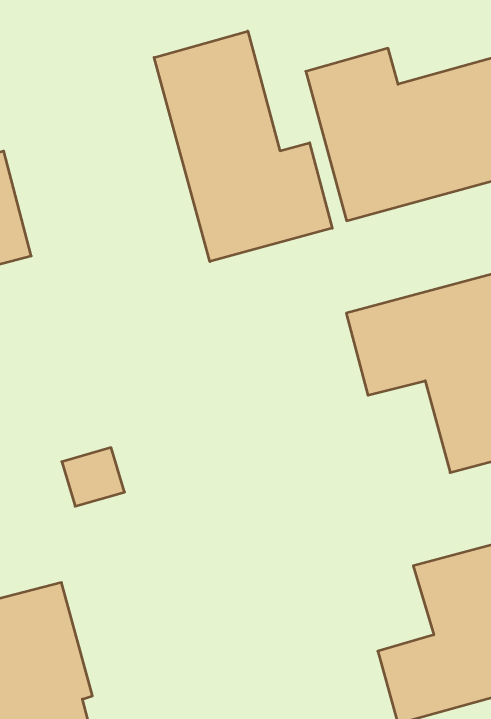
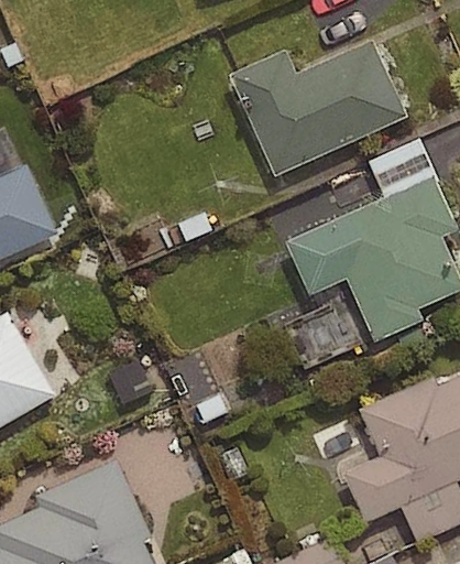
building: [154,31,332,262] -> none

